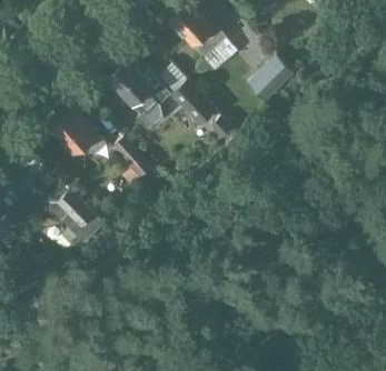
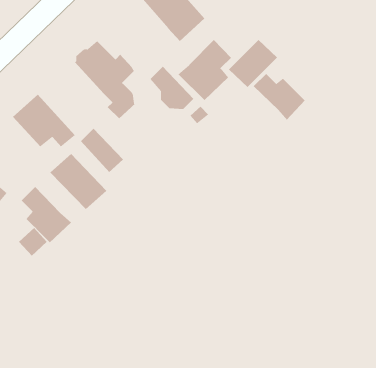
building: none -> [178,39,232,101]
building: none -> [253,73,306,120]
building: none -> [50,153,107,210]

